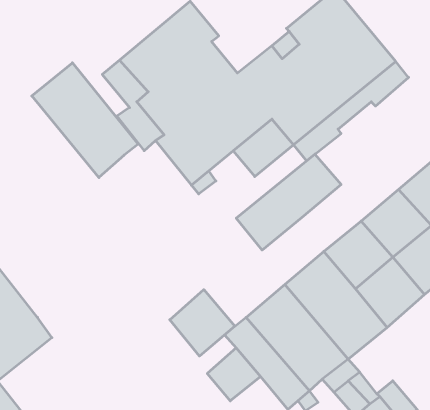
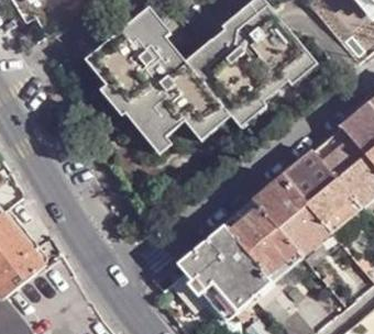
building: [32,63,138,178] -> none
building: [236,154,341,250] -> none
building: [170,290,235,356] -> none

